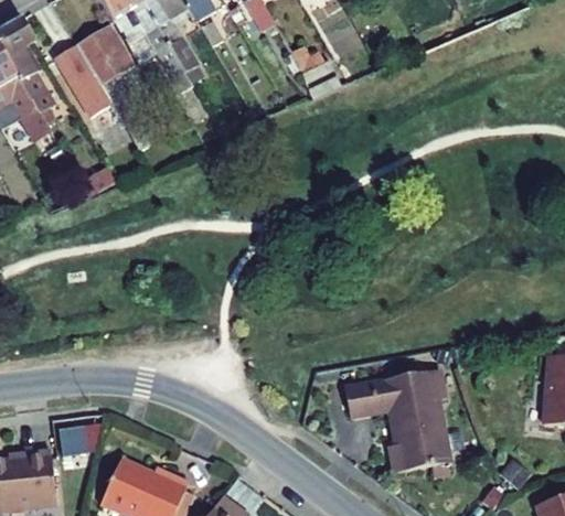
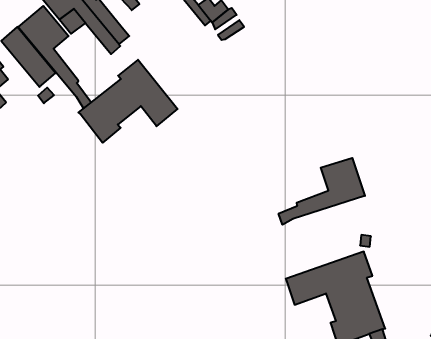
building: none -> [78,60,178,143]
building: none -> [279,158,365,225]

